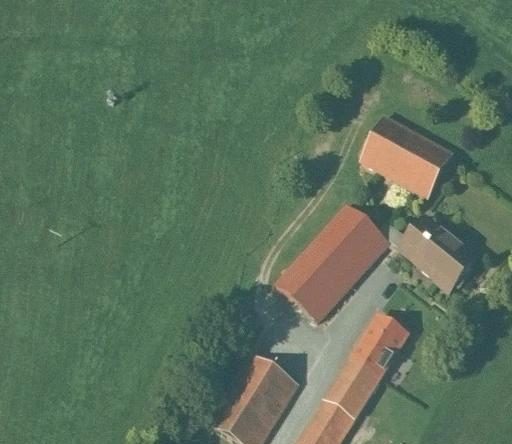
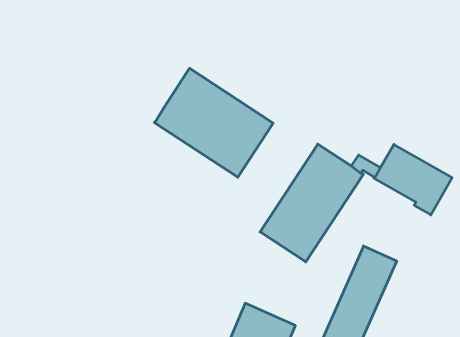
building: none -> [154,68,273,177]
building: [360,115,452,197] -> none

